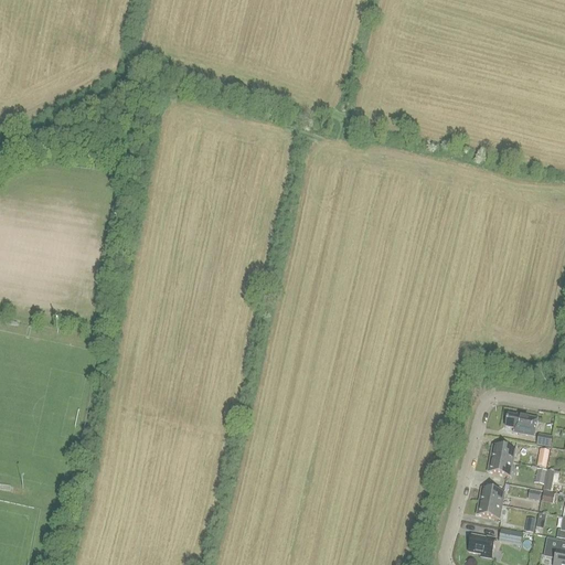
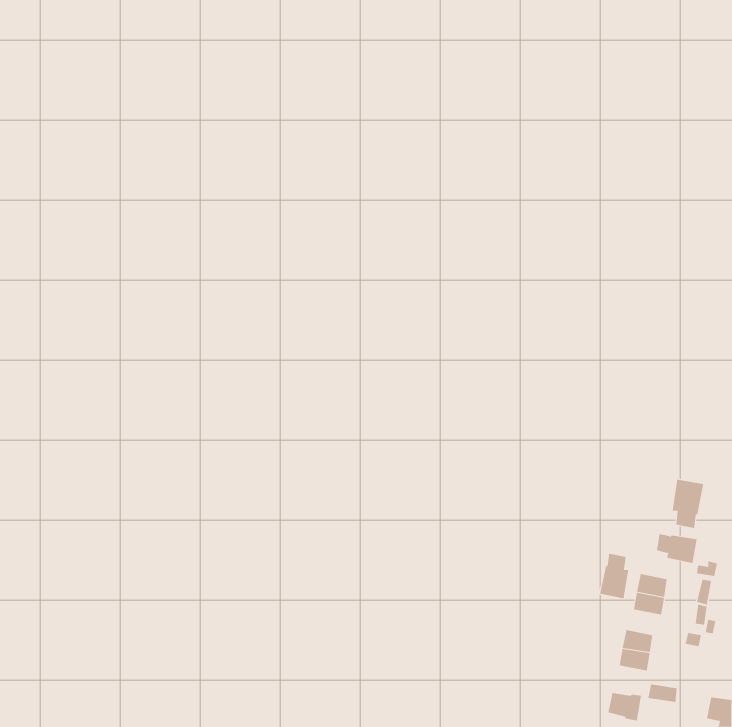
building: none -> [672,479,704,529]
building: none -> [599,553,629,599]

